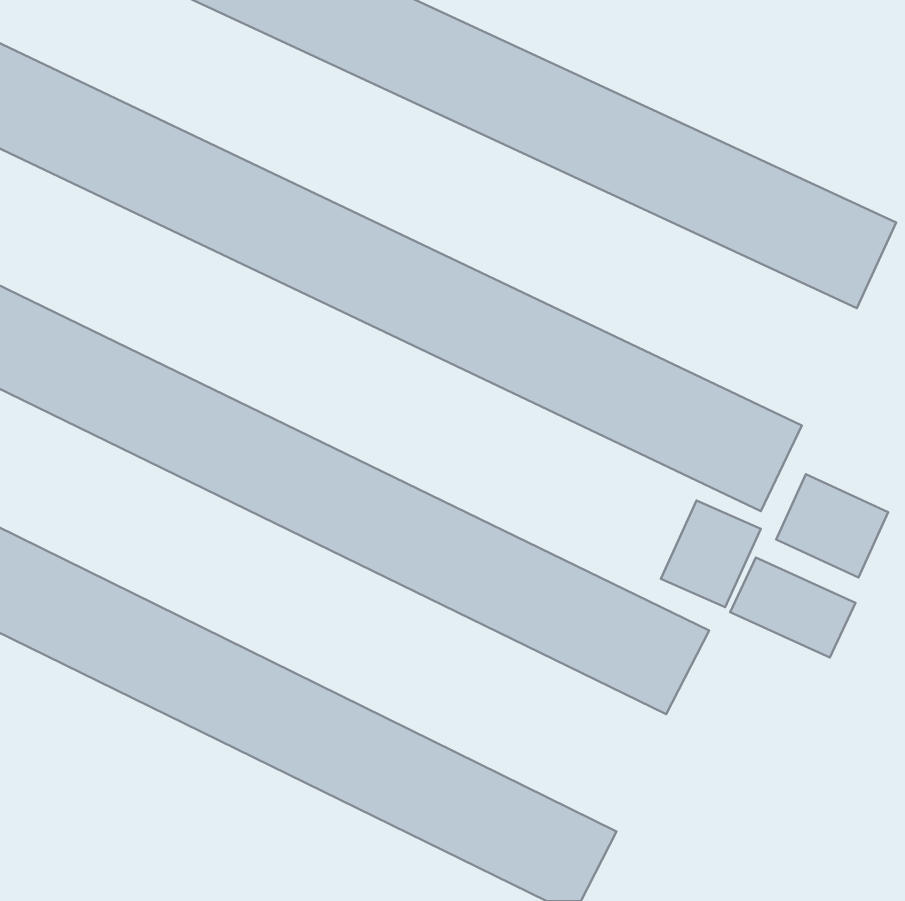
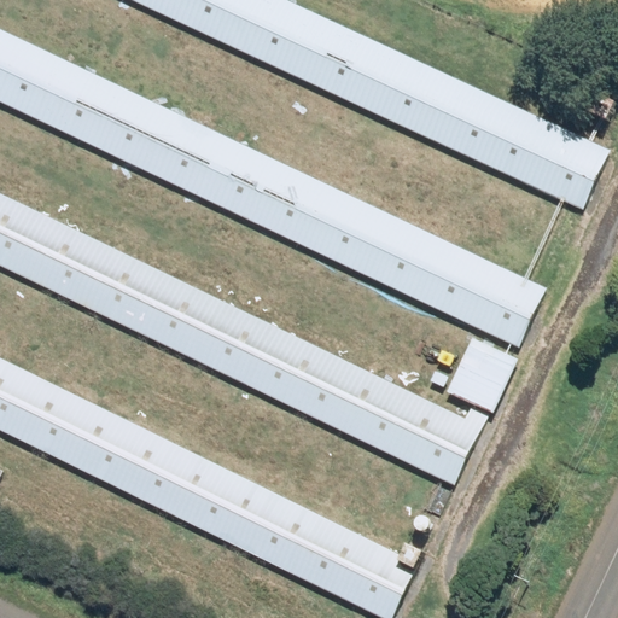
building: [776,474,888,578] -> none
building: [730,558,855,658] -> none

